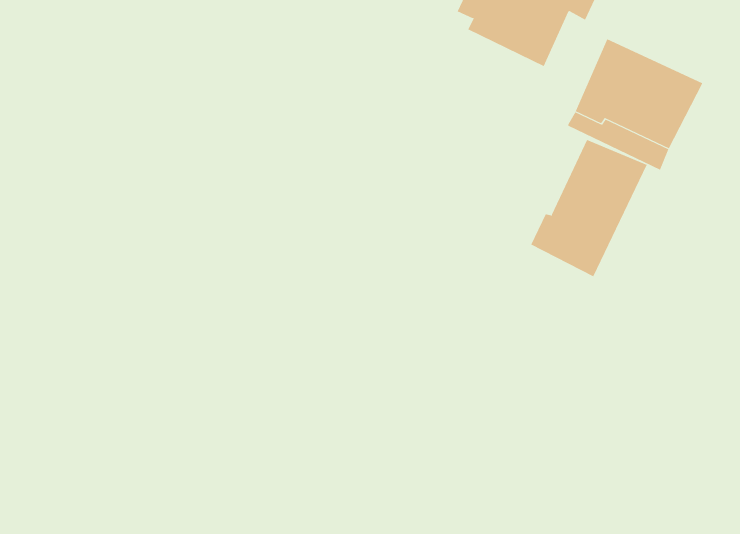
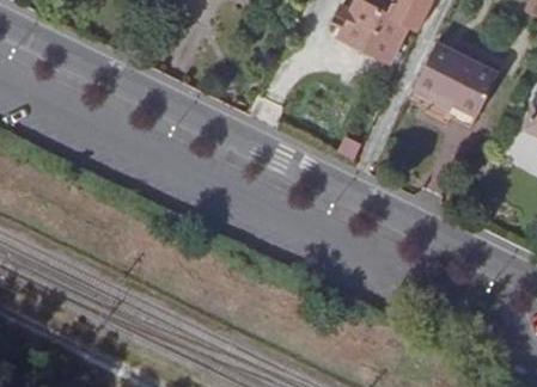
building: [531,139,648,277] -> none

